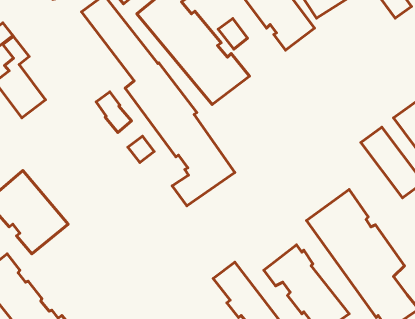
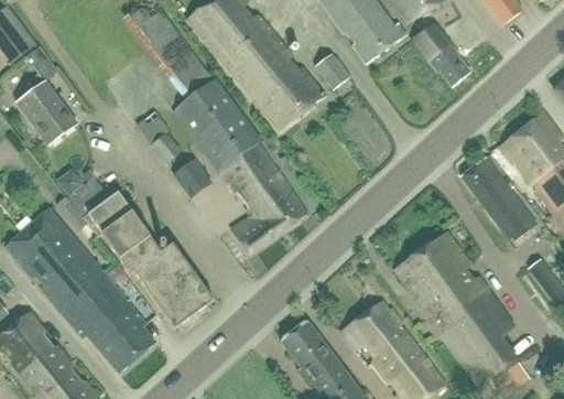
building: none -> [412,22,469,86]
building: [218,18,247,49] -> [313,52,348,89]
building: none -> [65,175,213,326]
building: none -> [59,273,154,371]

